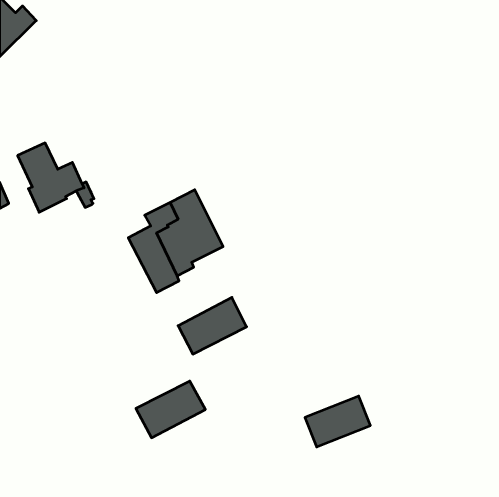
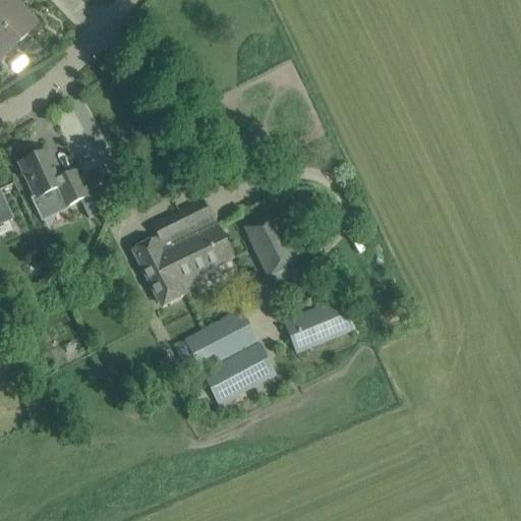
building: none -> [244,212,294,277]
building: [136,381,205,438] -> [202,344,275,403]
building: [305,396,370,447] -> [284,298,352,351]

